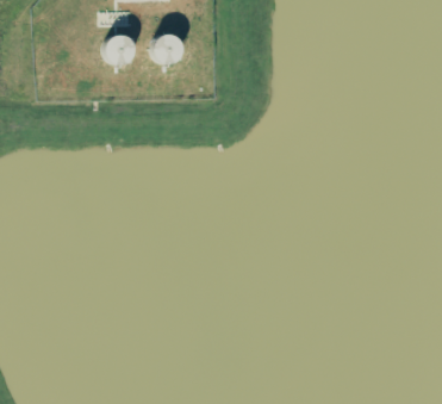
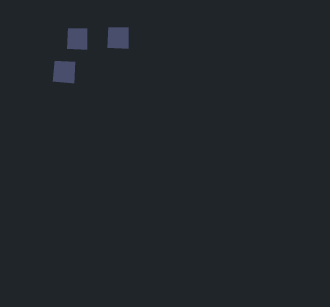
building: none -> [52,60,76,84]

